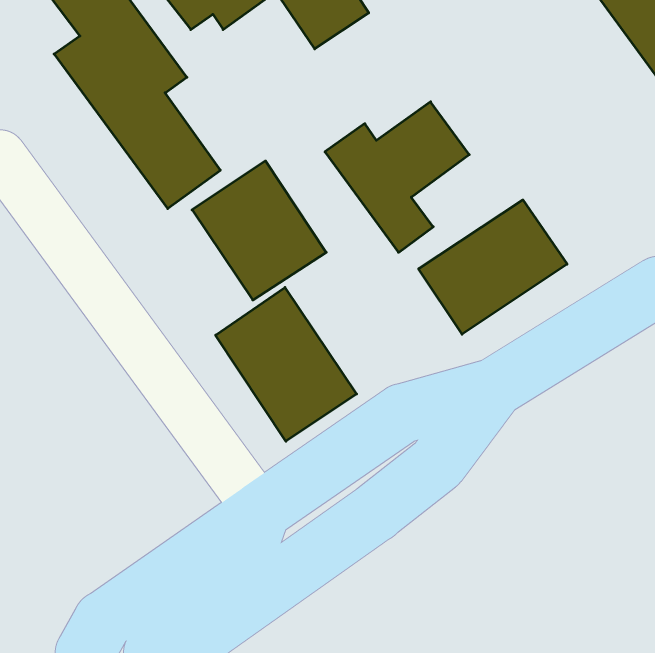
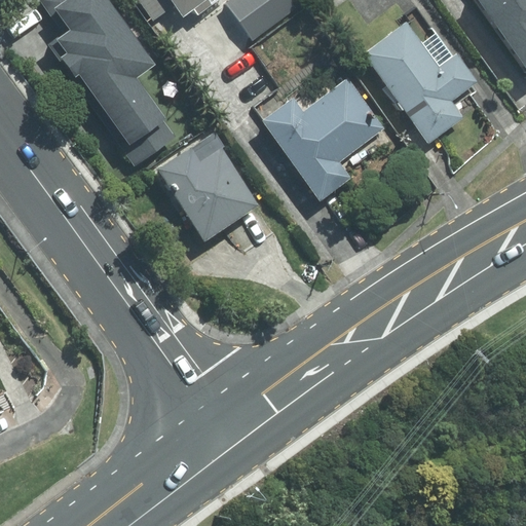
building: none -> [363,22,480,148]
building: [419,200,567,334] -> none
building: [216,287,357,441] -> none

